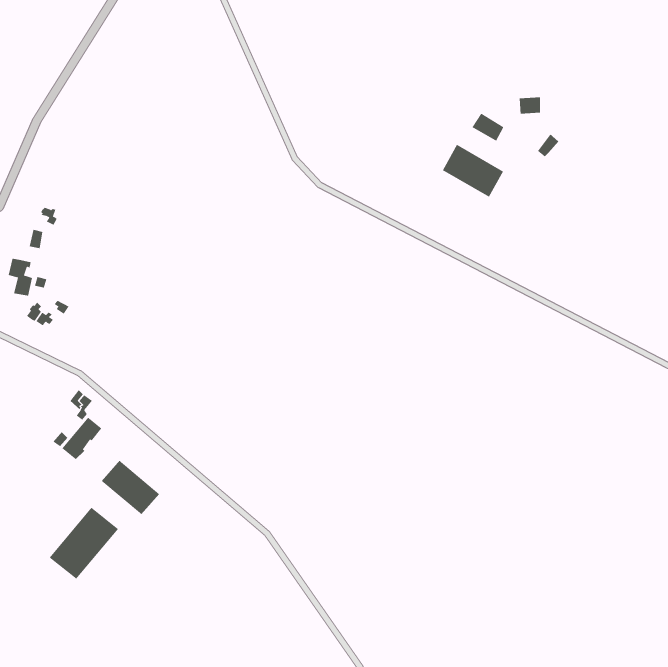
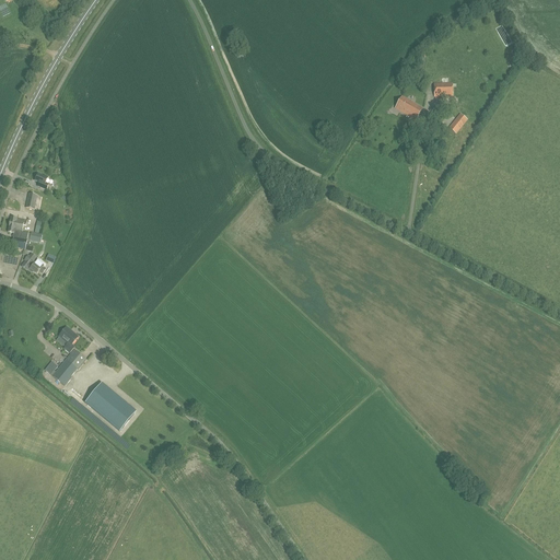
building: [442,144,504,198] -> none
building: [49,507,119,580] -> none

